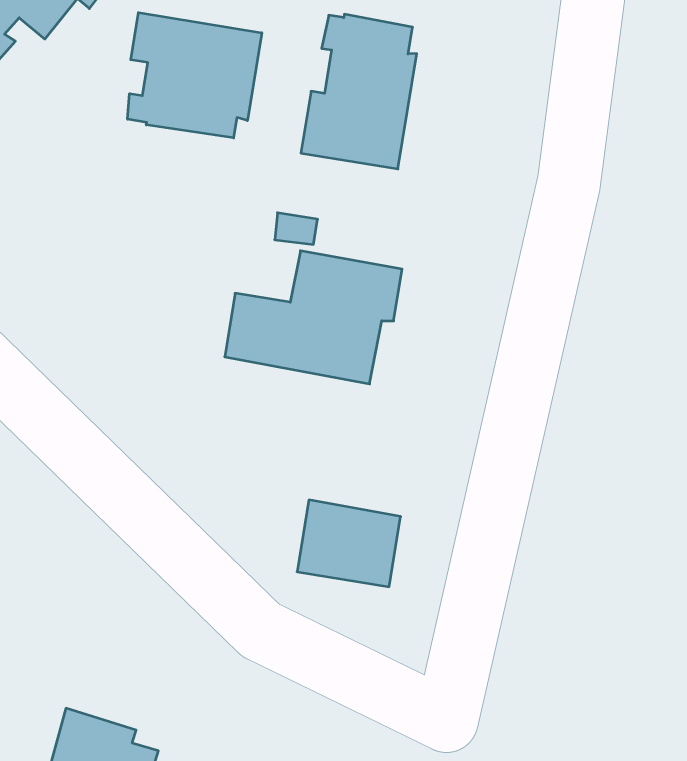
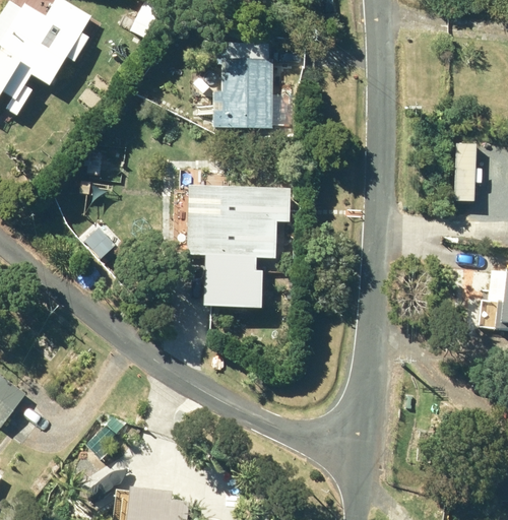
building: [128,13,262,138] -> none
building: [297,500,401,587] -> [202,268,258,312]

